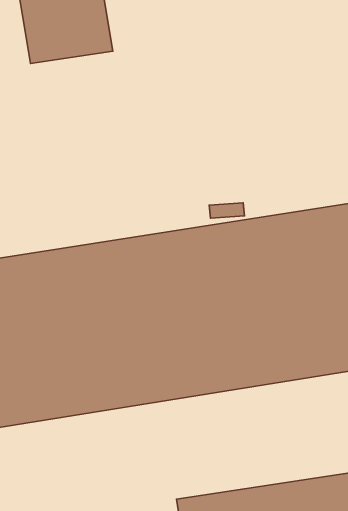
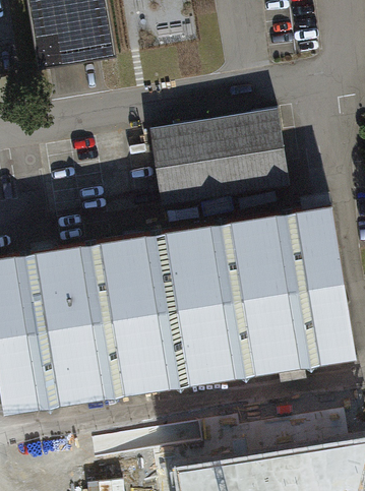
building: none -> [153,112,293,209]

